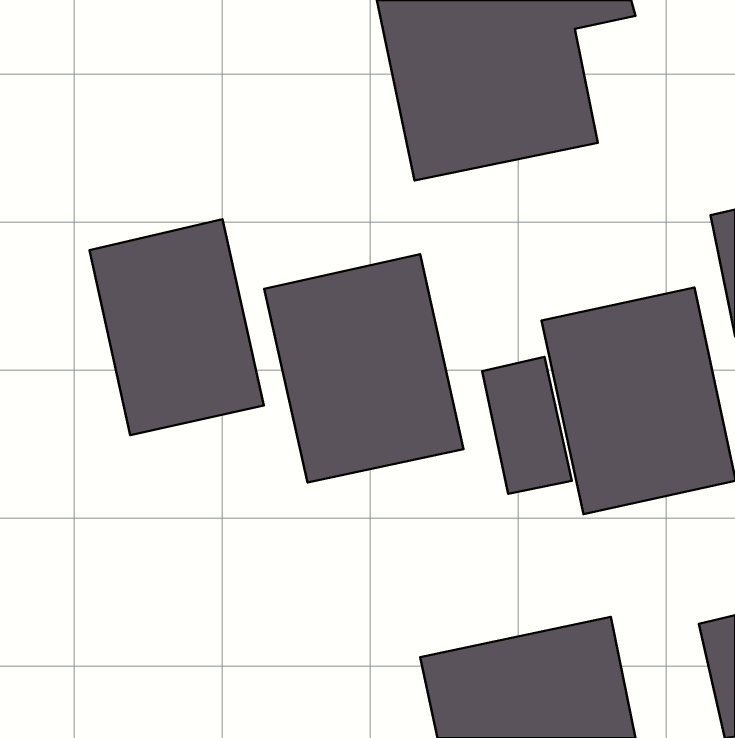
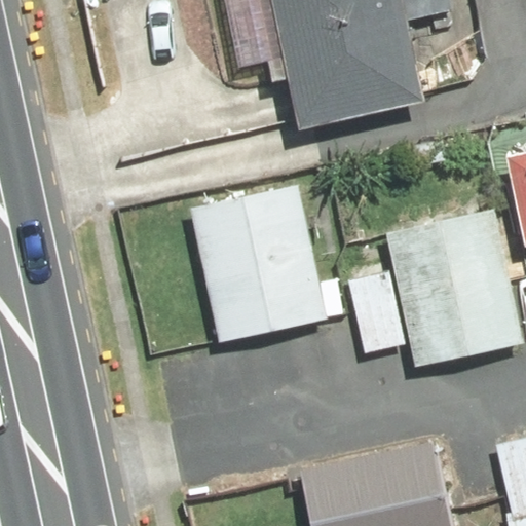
building: [89,219,264,435] -> none

